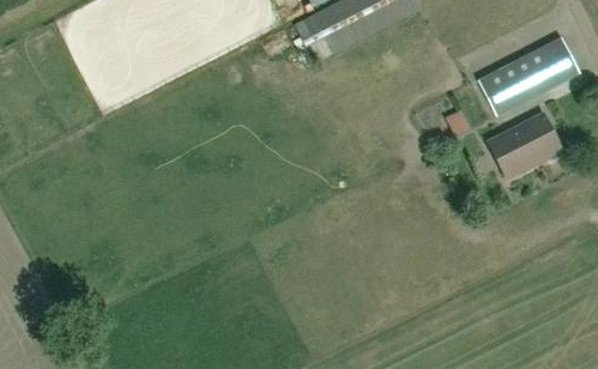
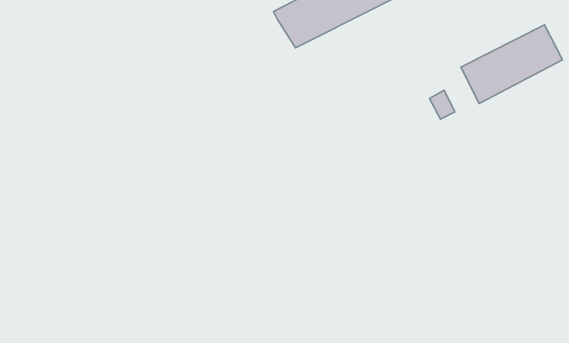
building: [488,113,563,179] -> none

